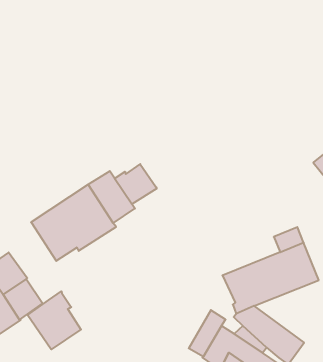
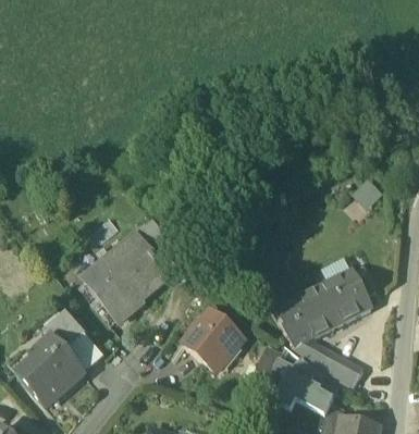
building: [115,164,157,204] -> none
building: none -> [184,315,242,373]
building: [27,291,81,349] -> none

